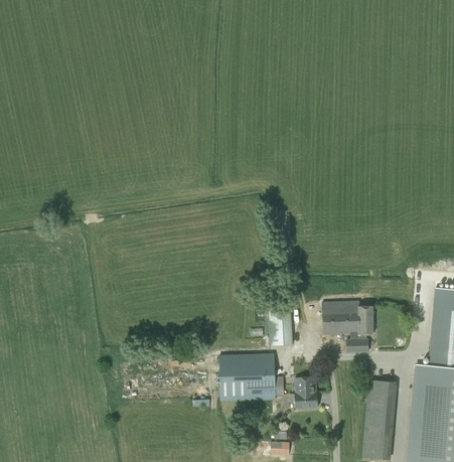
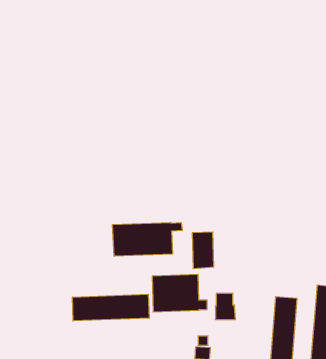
building: none -> [113,222,182,256]
building: [322,301,375,352] -> none
building: none -> [72,294,149,321]

